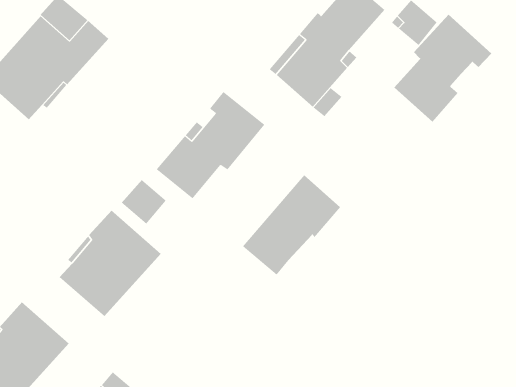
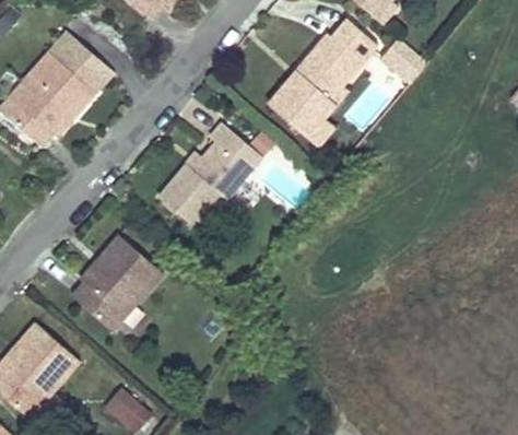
building: [394,14,492,123] -> none
building: [242,174,341,275] -> none
building: [121,179,167,224] -> none

